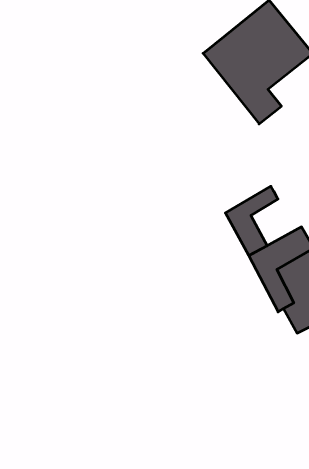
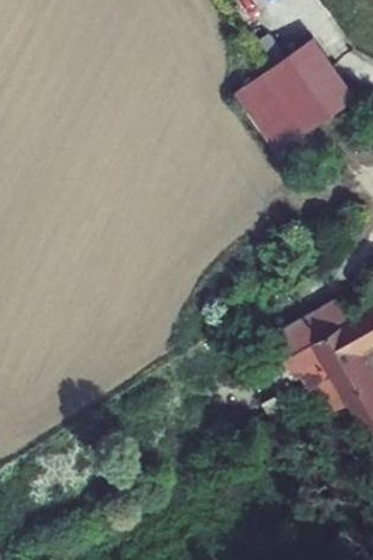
building: [225,186,278,256] -> none

